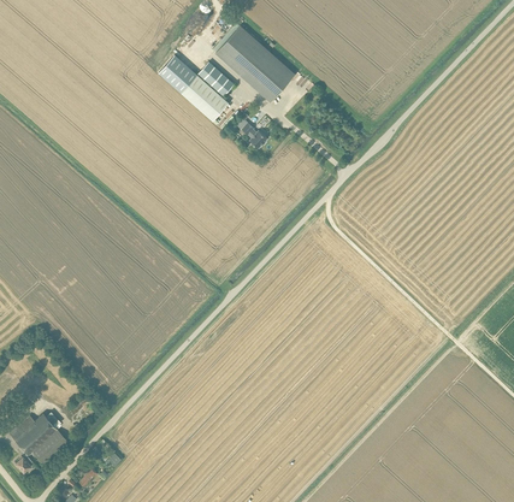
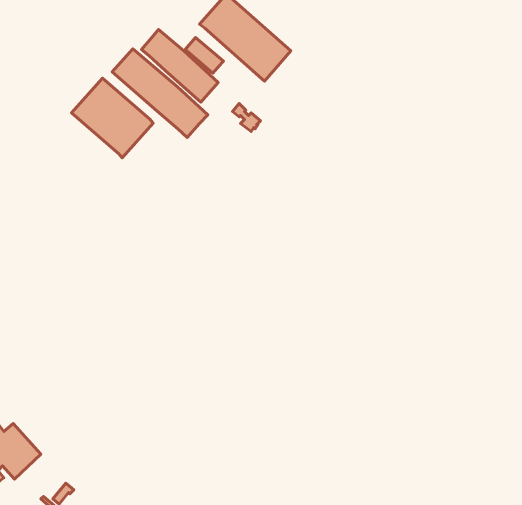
building: none -> [112,49,208,138]
building: none -> [72,78,153,158]

